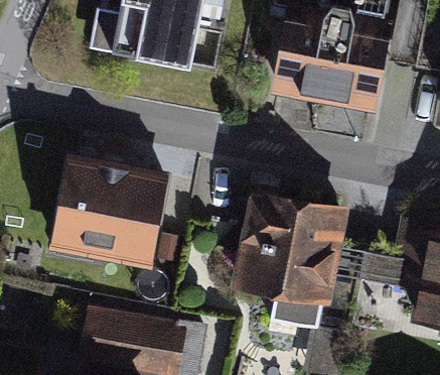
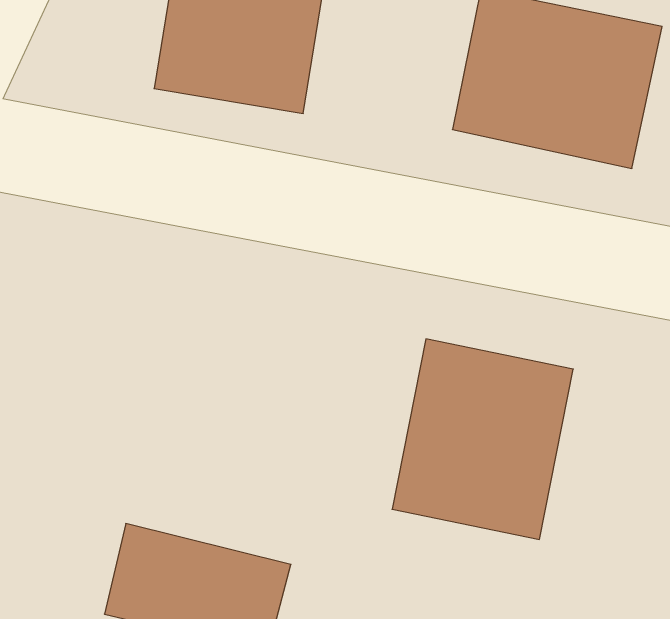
building: [52,153,176,269] -> none

